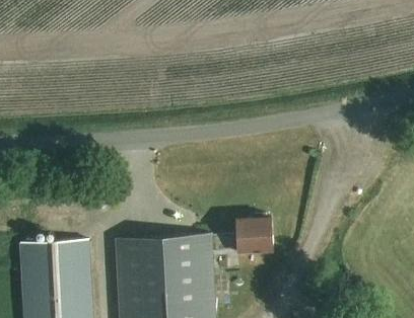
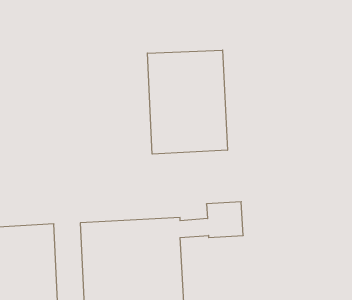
building: none -> [147,50,227,154]

